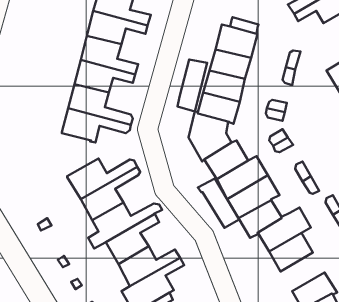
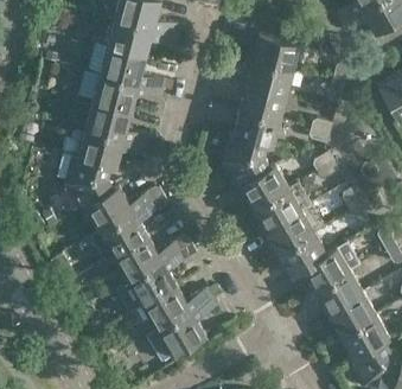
building: [177,59,207,111] -> none
building: none -> [64,155,114,210]
building: [198,179,239,228] -> none
building: none -> [326,293,376,337]

